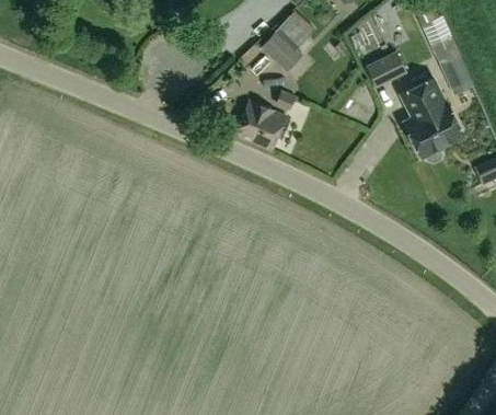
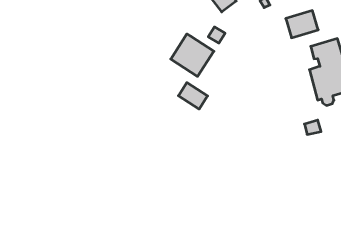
building: none -> [178,83,208,109]

